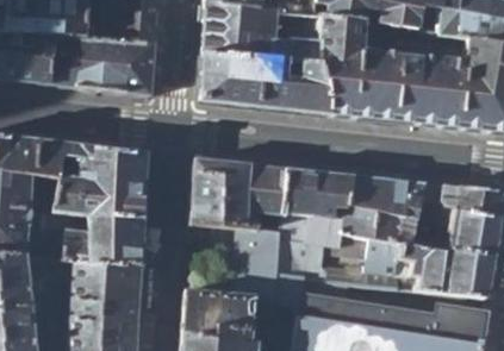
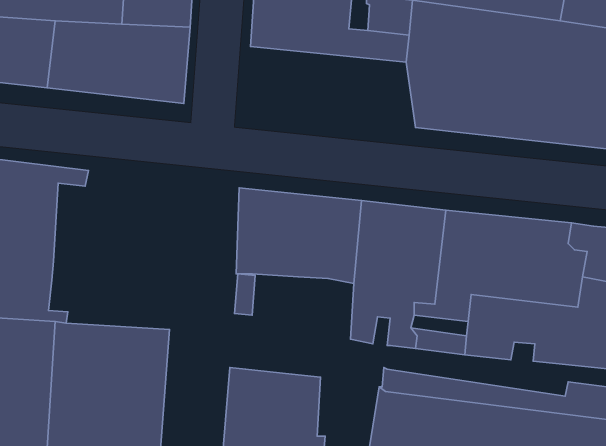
building: [199,51,326,112] -> none
building: [51,144,149,263] -> none
building: [234,224,307,306] -> none

